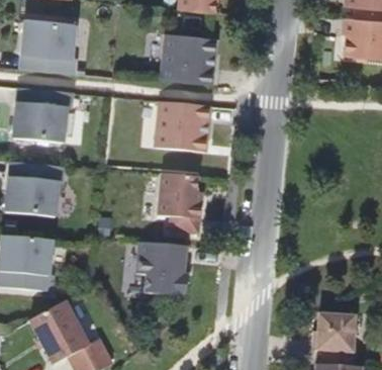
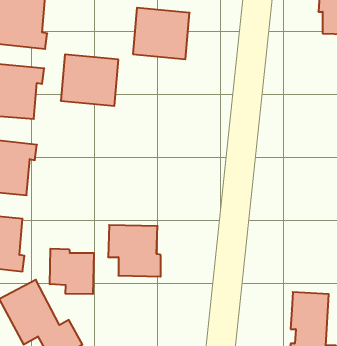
building: [154,101,210,152] -> [61,54,118,106]
building: [158,176,202,234] -> none
building: none -> [50,249,94,294]

